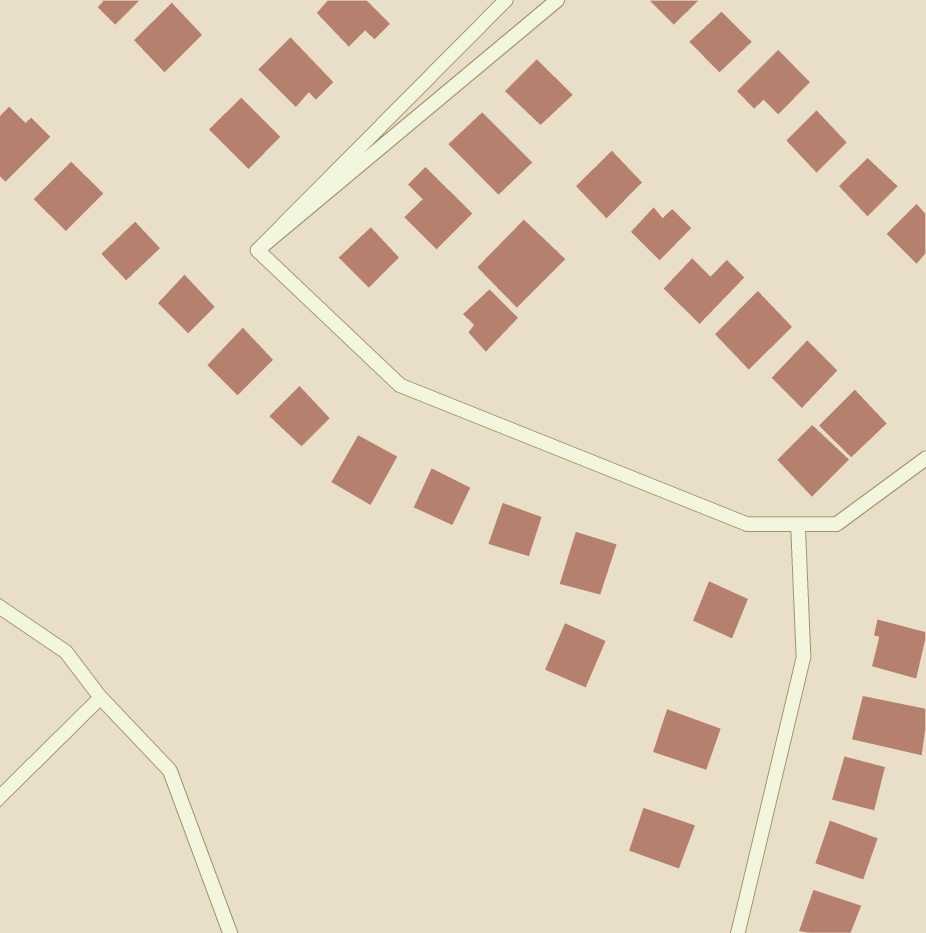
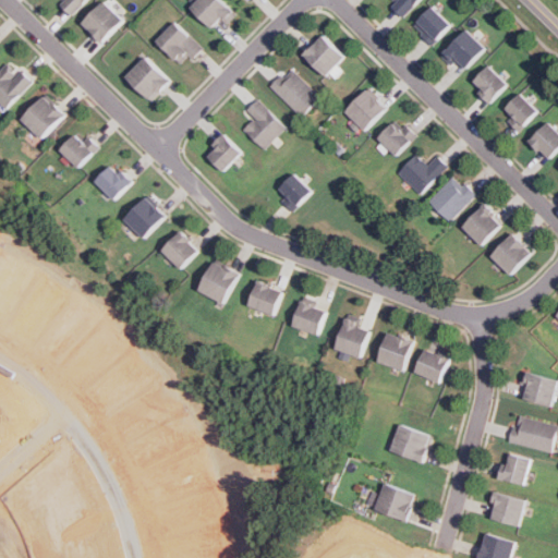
building: [477,219,566,308] -> none
building: [776,424,850,498] -> none
building: [544,622,606,688] -> [375,330,412,369]

